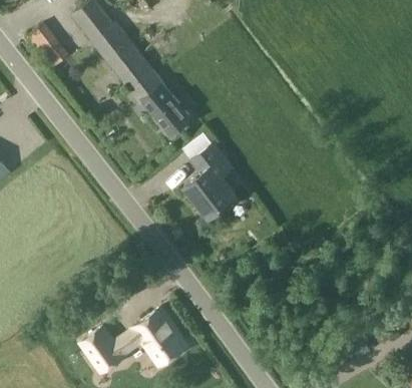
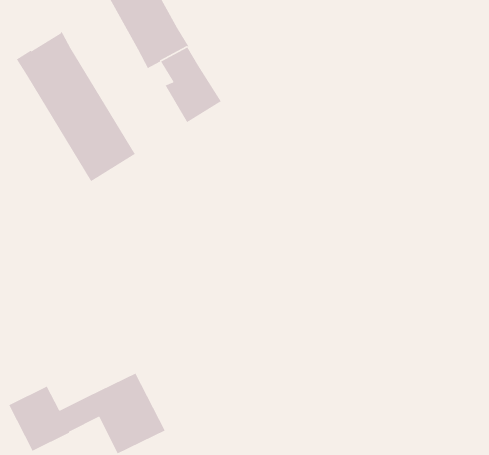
building: none -> [16,30,136,182]
building: [184,141,237,218] -> none

